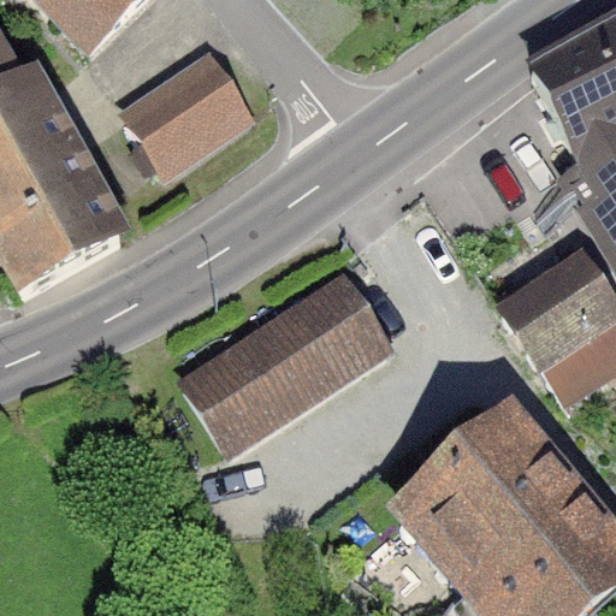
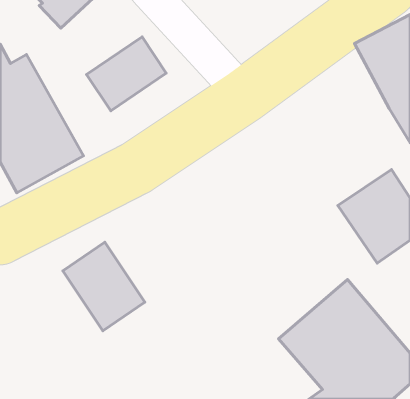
building: [188,274,392,446] -> none
building: none -> [63,242,145,331]

